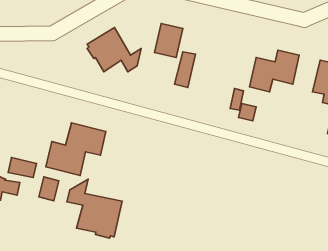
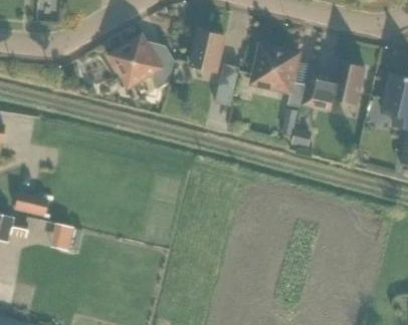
building: none -> [251,44,307,107]
building: [46,123,106,175] -> none
building: [67,179,122,238] -> none

